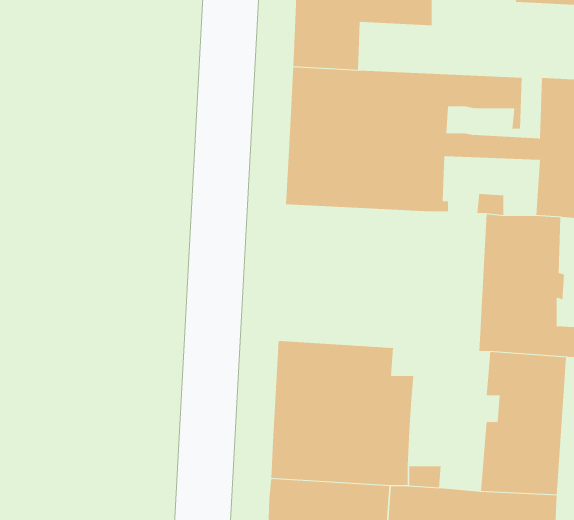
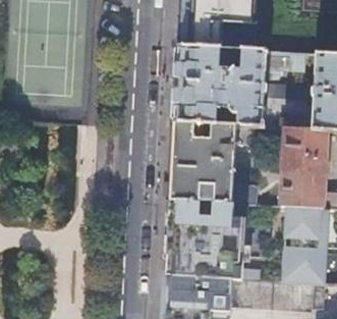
building: none -> [170,122,257,203]

